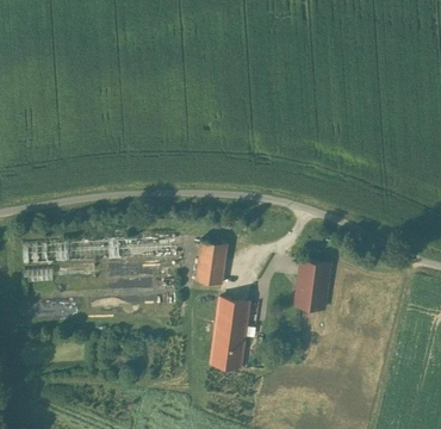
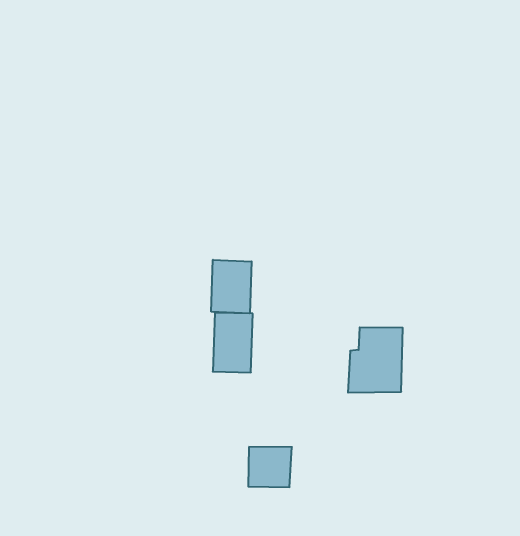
building: none -> [211,260,252,313]
building: [215,299,249,341] -> none

